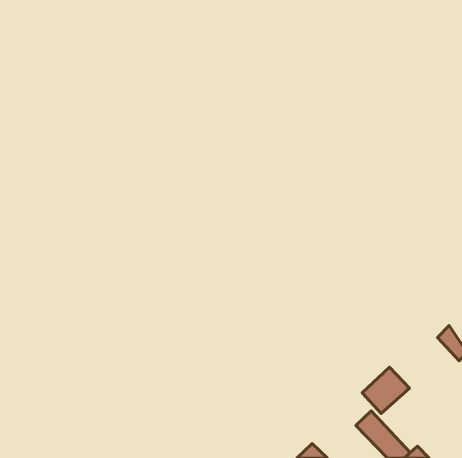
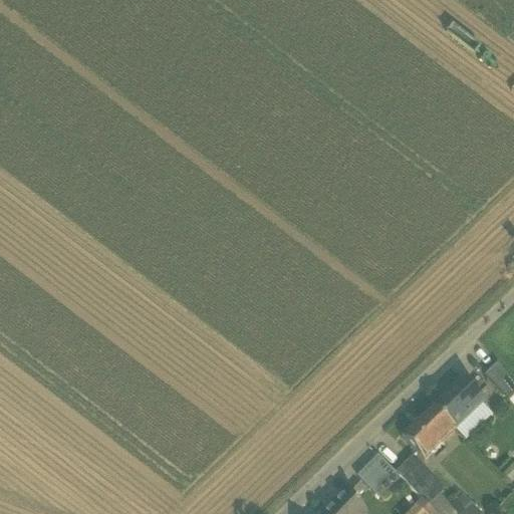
building: none -> [433,377,485,430]
building: none -> [359,457,395,493]

